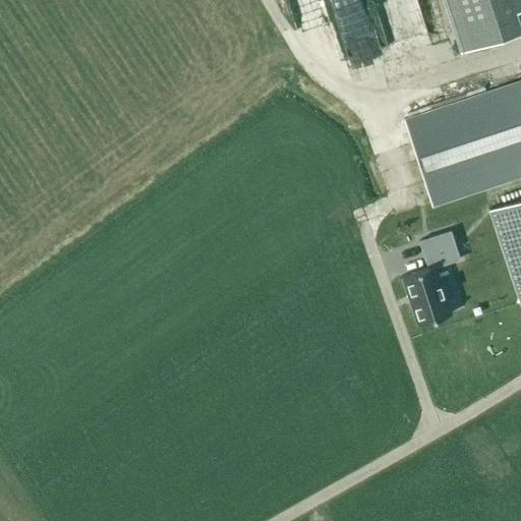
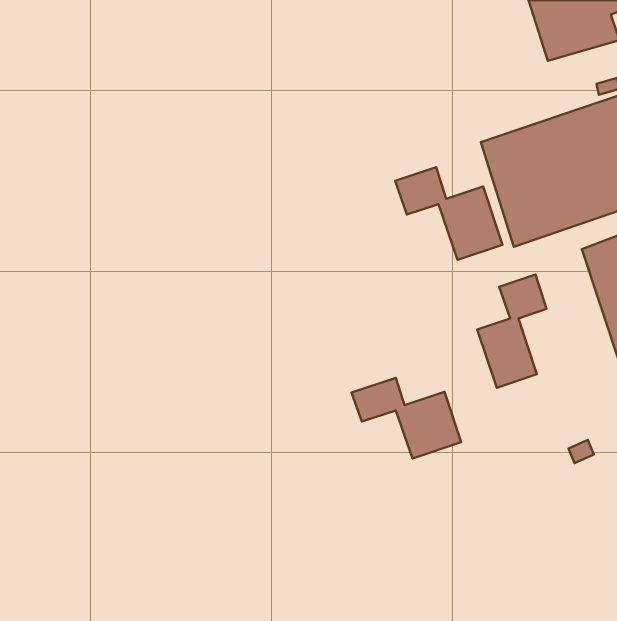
building: none -> [395,167,502,260]
building: none -> [352,378,461,458]

